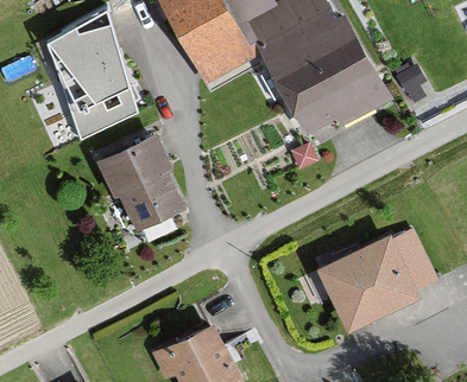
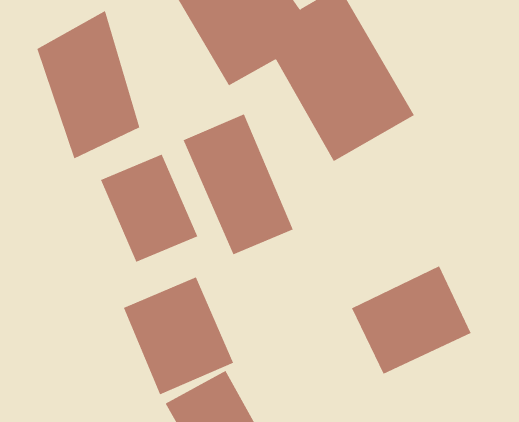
building: none -> [183,113,293,255]
building: none -> [123,277,234,395]

